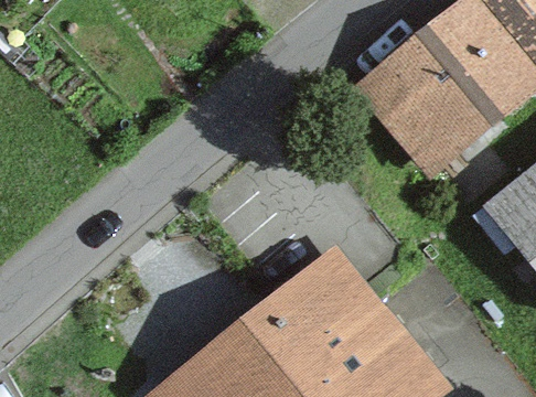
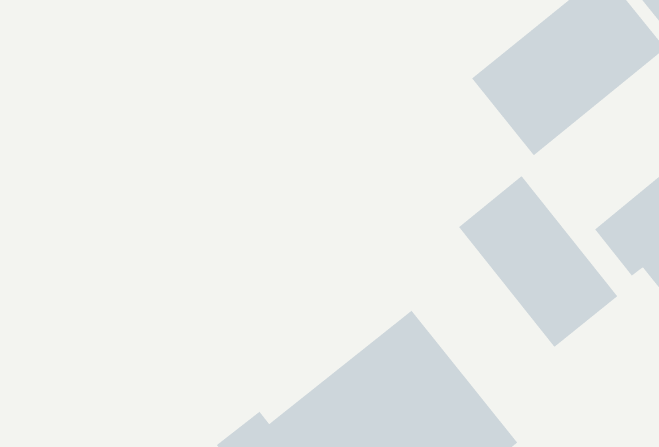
building: none -> [458,175,618,348]

